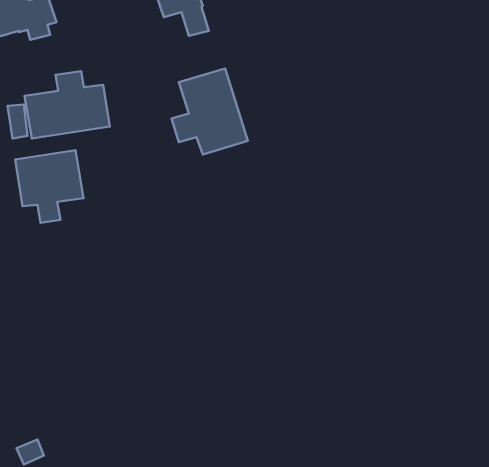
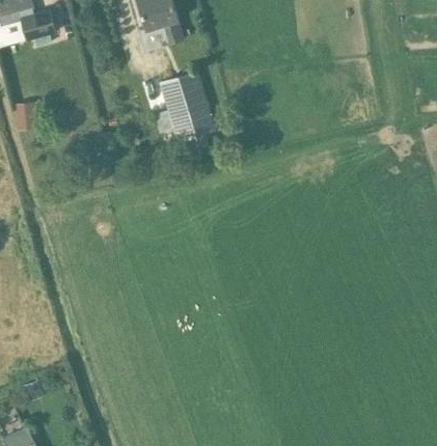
building: [25,71,110,138] -> none
building: [15,150,83,223] -> none

